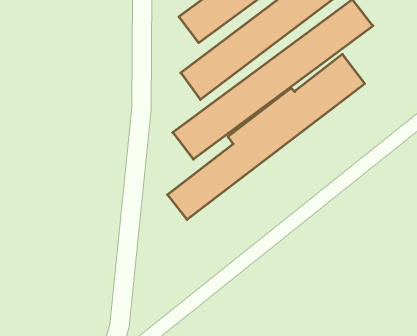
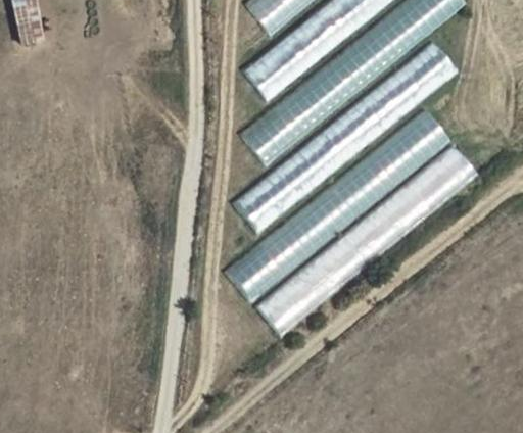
building: none -> [256,146,481,335]

